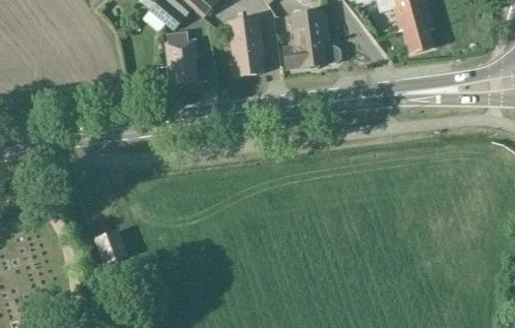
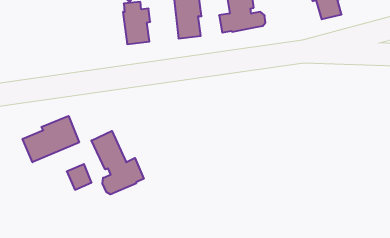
building: none -> [23,116,79,162]
building: none -> [91,131,144,194]

